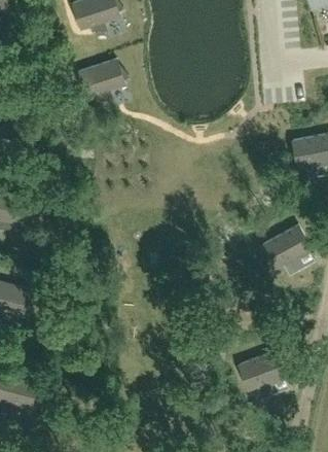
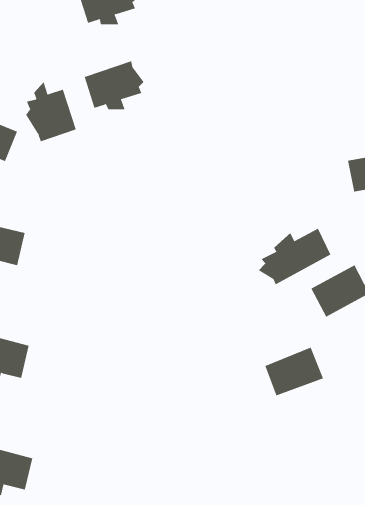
building: none -> [26,81,76,142]
building: none -> [258,228,331,285]
building: [238,351,286,391] -> [264,347,324,396]

